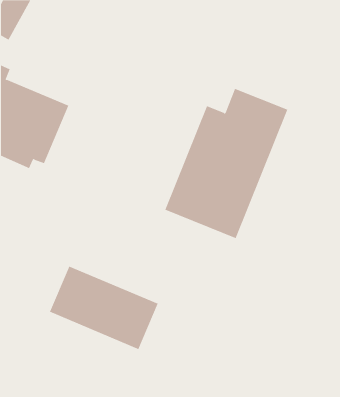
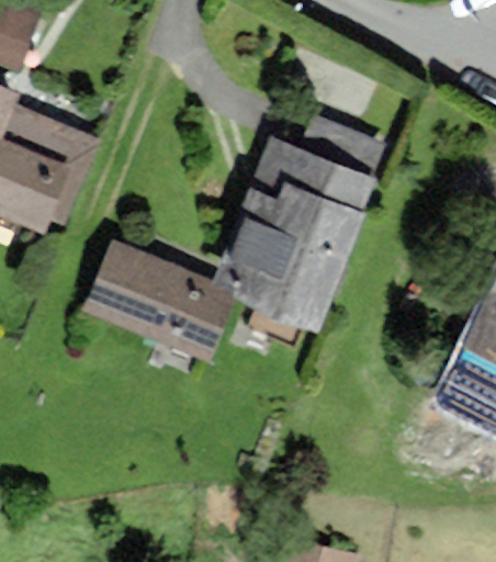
building: [49,266,159,350] -> [88,248,234,360]

